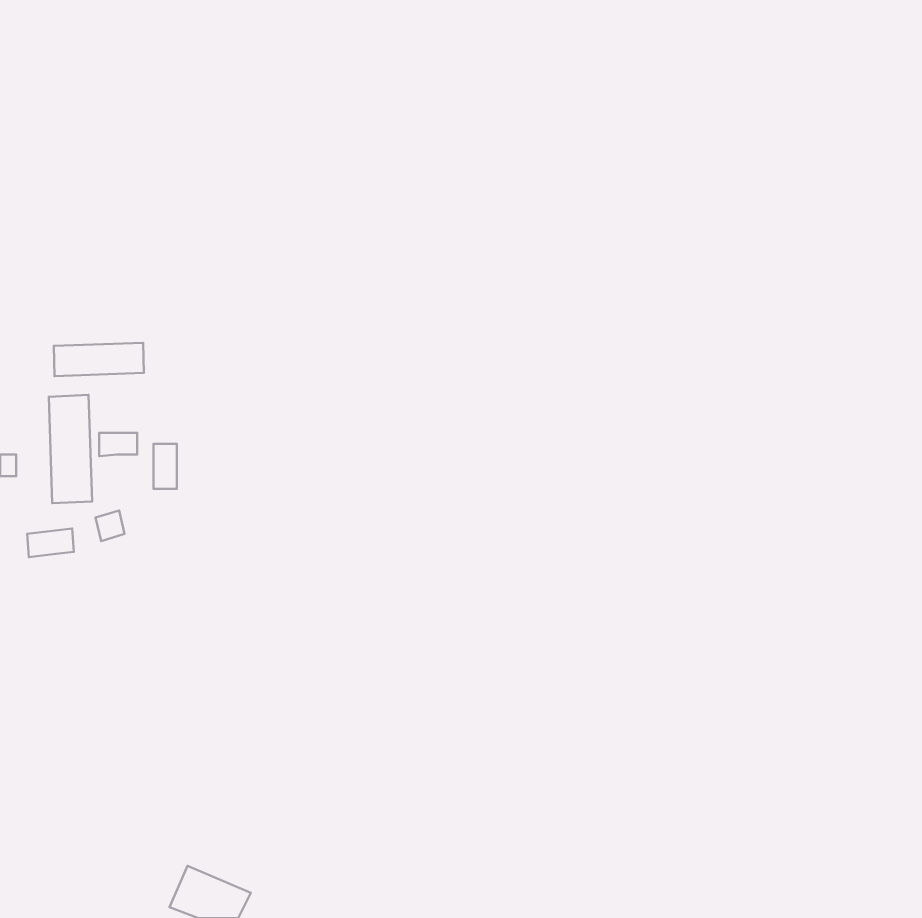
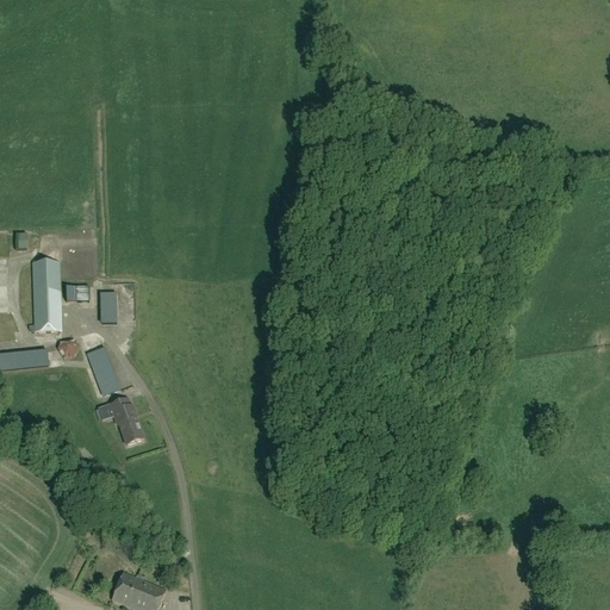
building: [54,343,144,376] -> none
building: none -> [82,334,119,396]
building: none -> [110,398,144,444]

